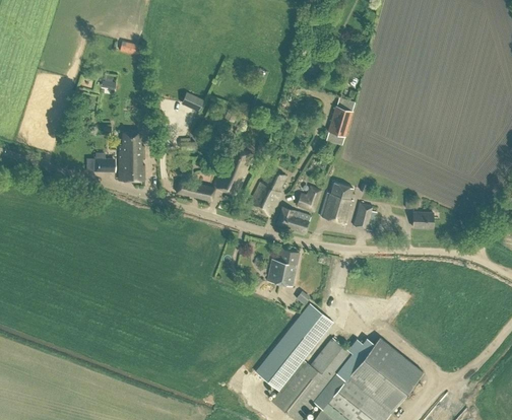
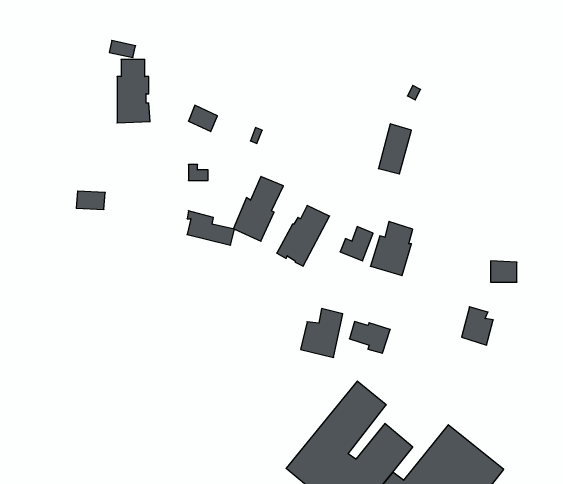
building: [119,131,144,180] -> [117,59,150,123]
building: [353,201,377,230] -> [462,307,493,345]
building: [278,209,310,233] -> [349,322,390,353]

